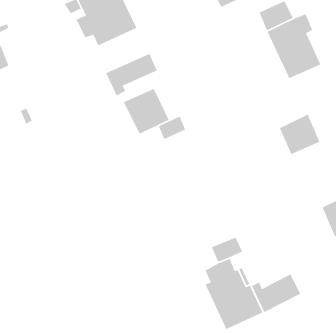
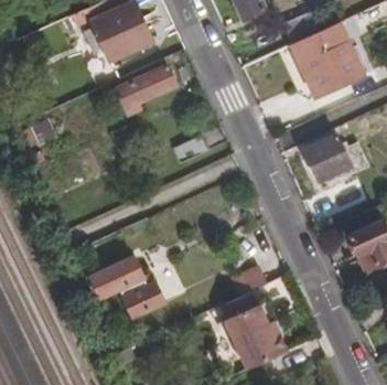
building: [123,88,170,135] -> none
building: none -> [92,255,164,316]
building: [251,273,301,313] -> none

